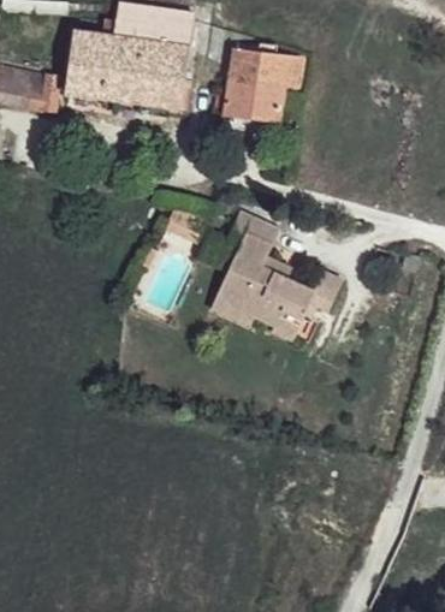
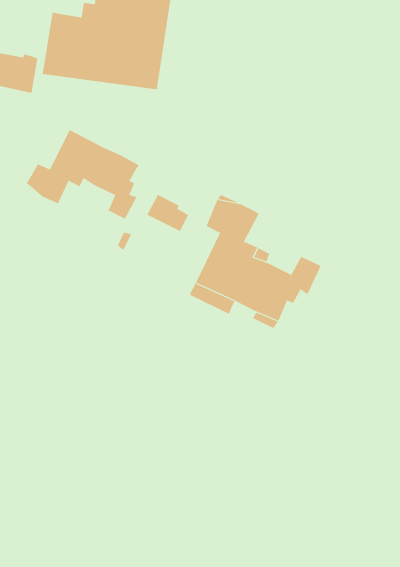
building: [224,49,299,120] -> none
building: none -> [26,129,139,220]

